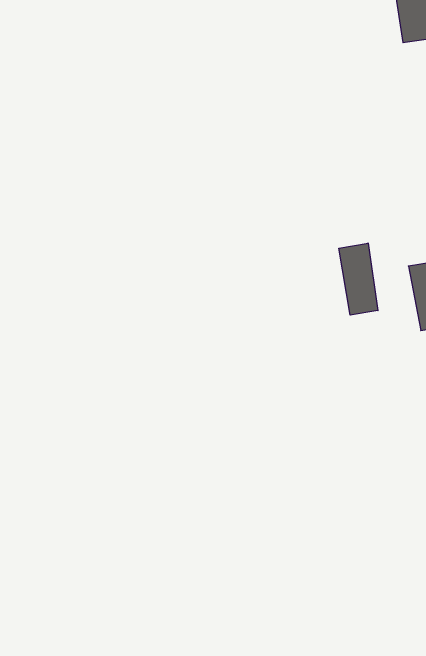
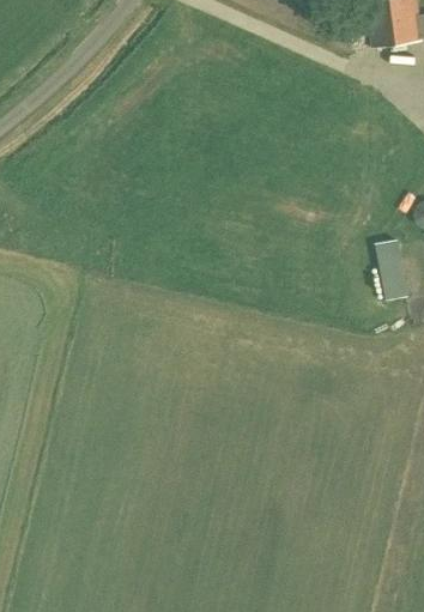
building: [339,243,378,315] -> none

